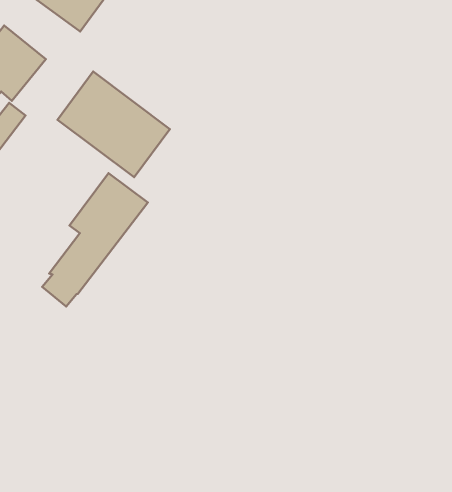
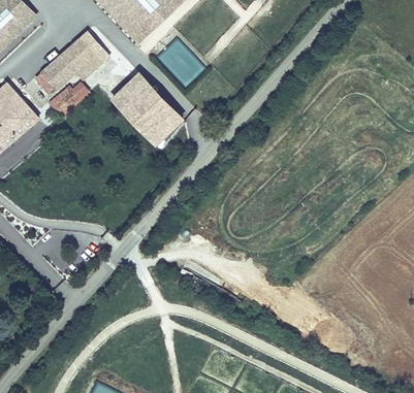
building: none -> [154,37,206,90]
building: [42,173,148,306] -> none

